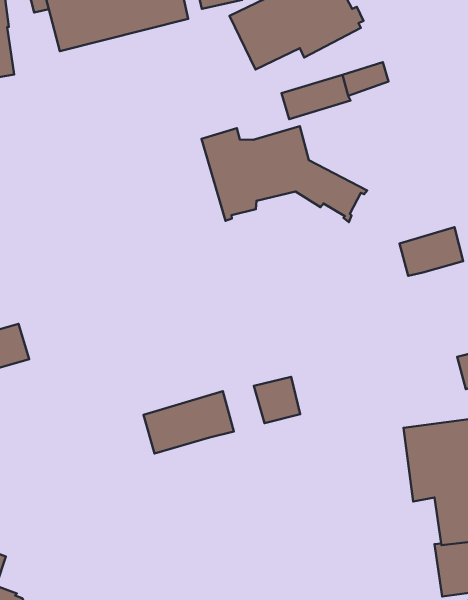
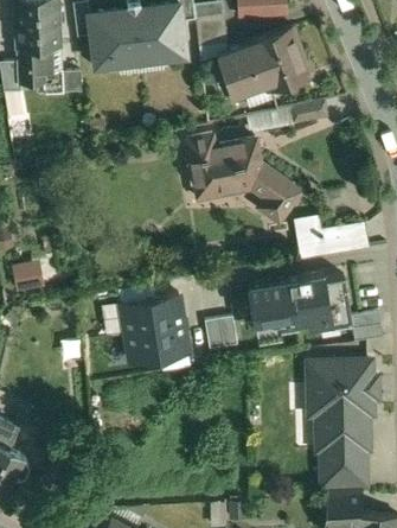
building: none -> [296,217,325,260]
building: none -> [249,274,352,335]
building: none -> [121,295,184,335]

